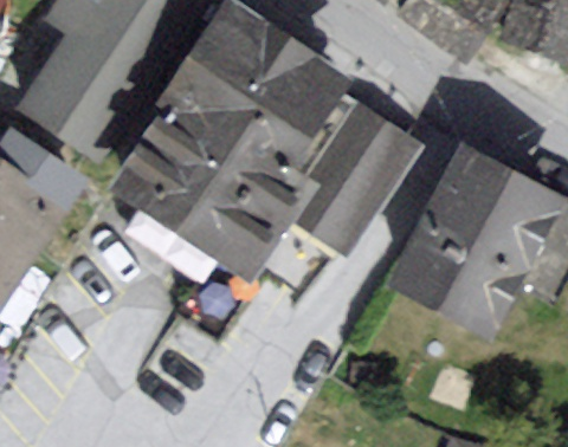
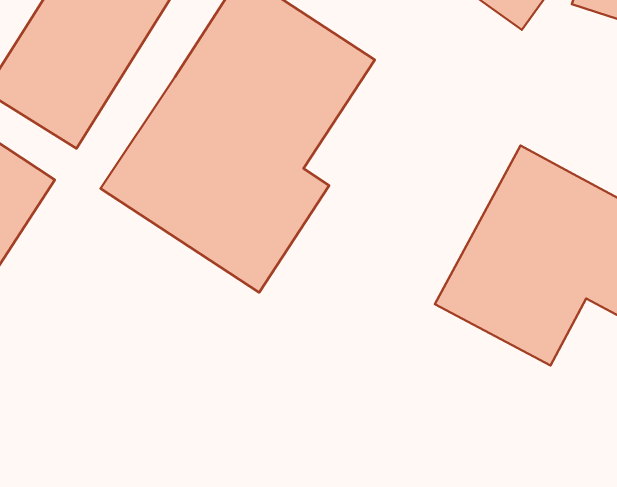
building: [290,104,412,247] -> none

